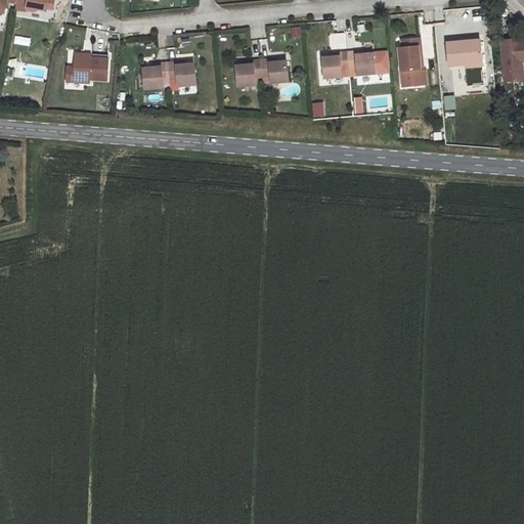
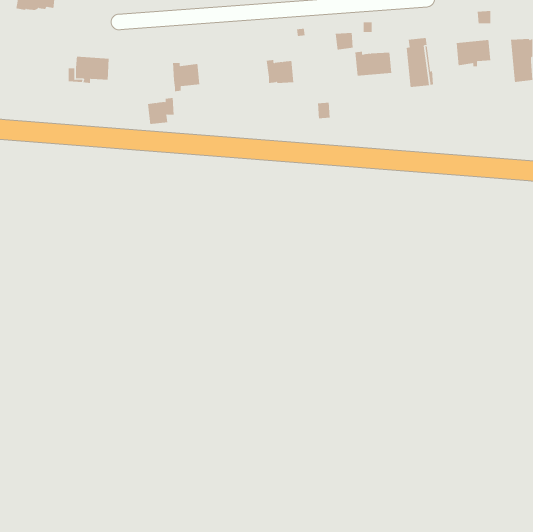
building: [322,51,350,77] -> none
building: [236,59,263,85] -> none
building: [143,61,170,88] -> [147,97,174,125]

